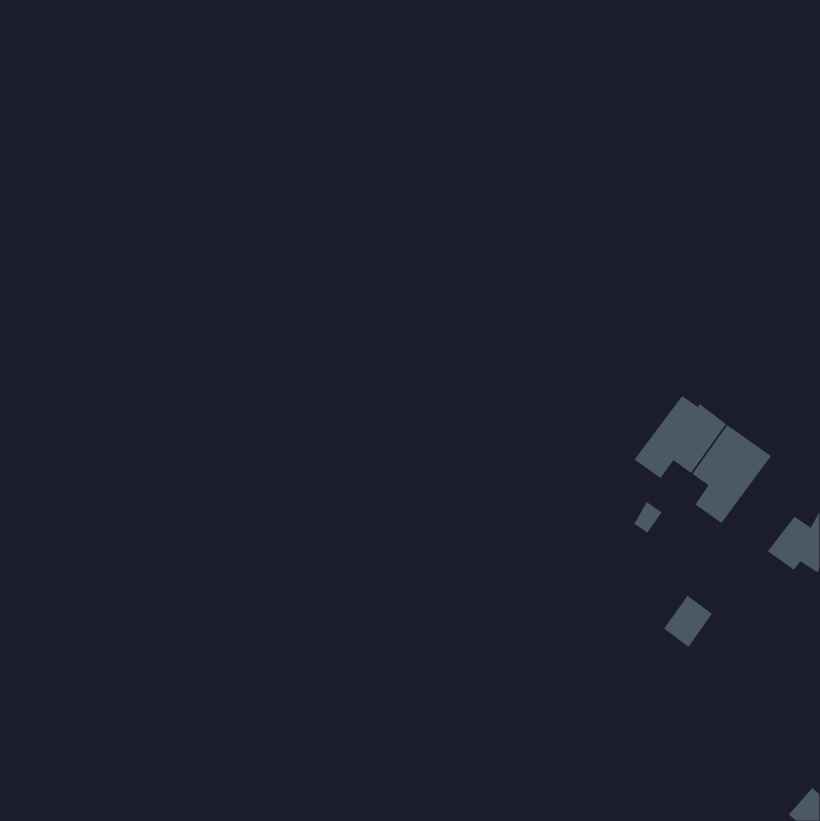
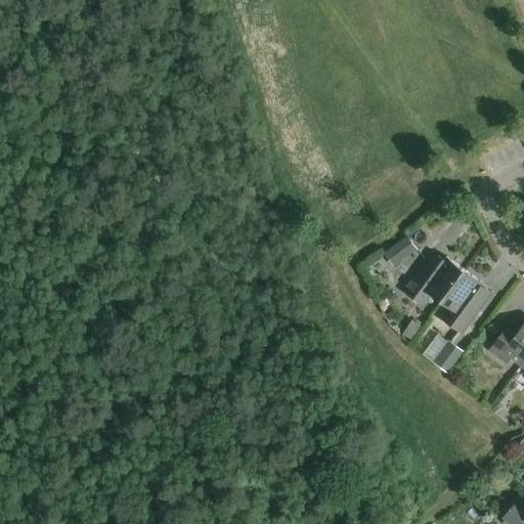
building: none -> [382,236,417,268]
building: [663,595,713,648] -> [431,341,463,375]

